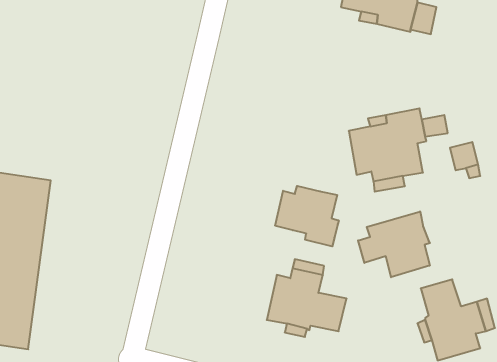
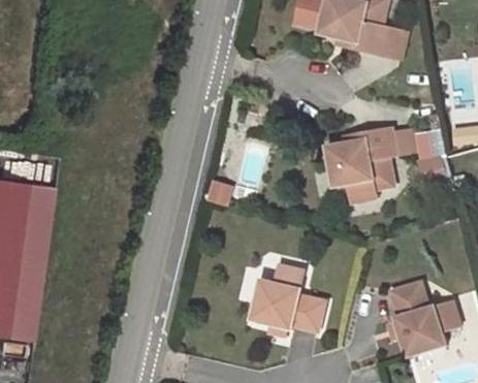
building: [275,186,339,246] -> none
building: [358,211,430,277] -> none

